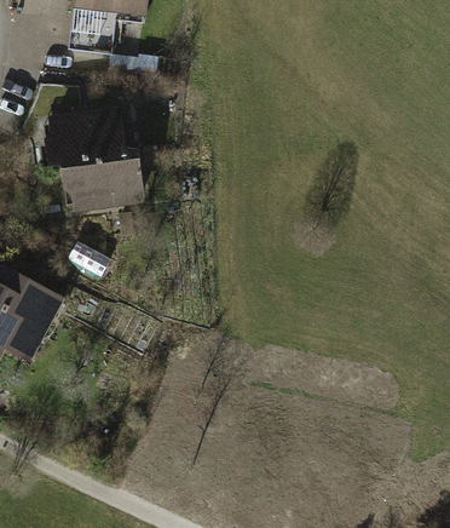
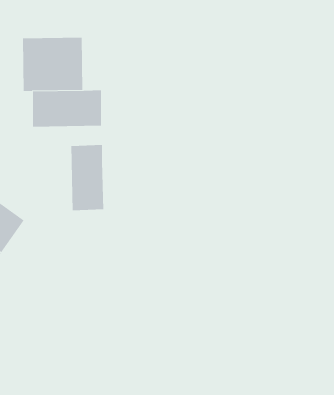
building: none -> [71,144,104,211]

